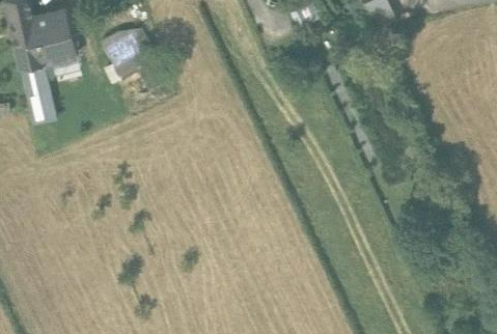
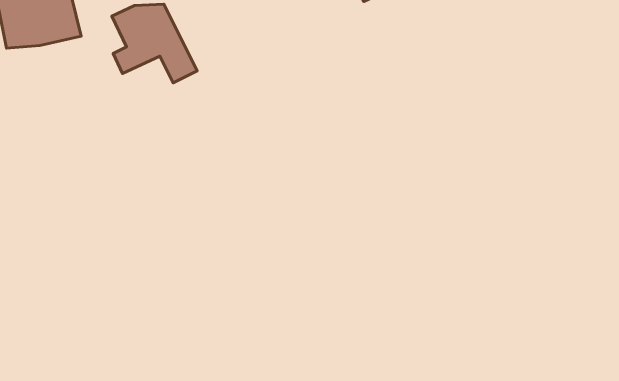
building: [19,64,57,126] -> none

